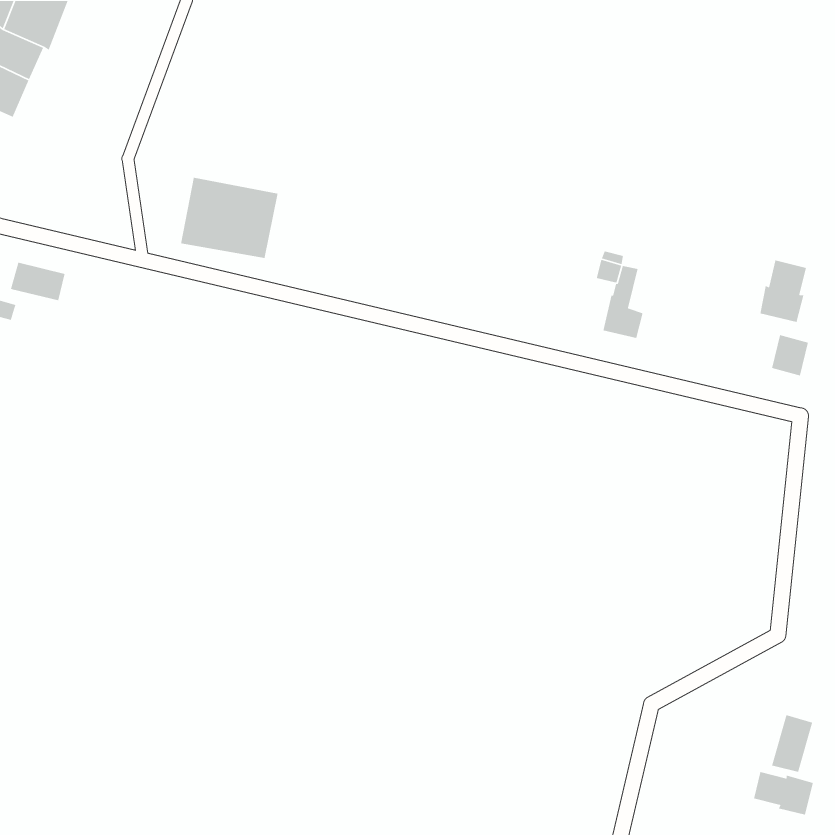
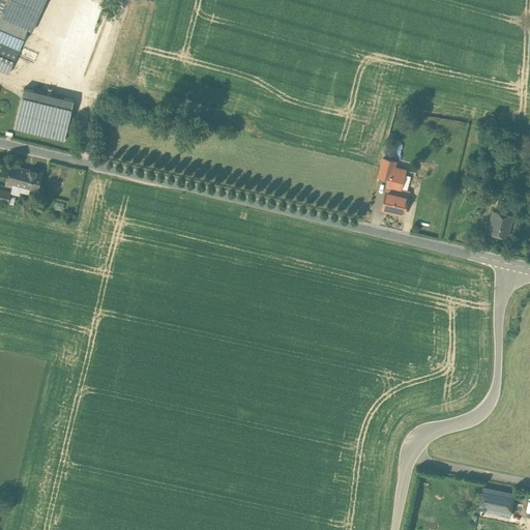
building: [180,177,278,259] -> [14,89,77,141]
building: [760,259,807,323] -> none
building: [771,714,813,773] -> none

